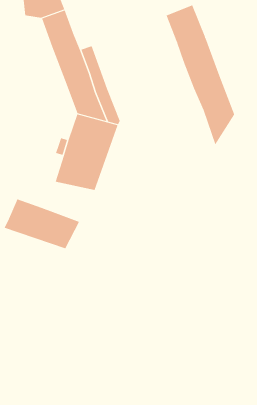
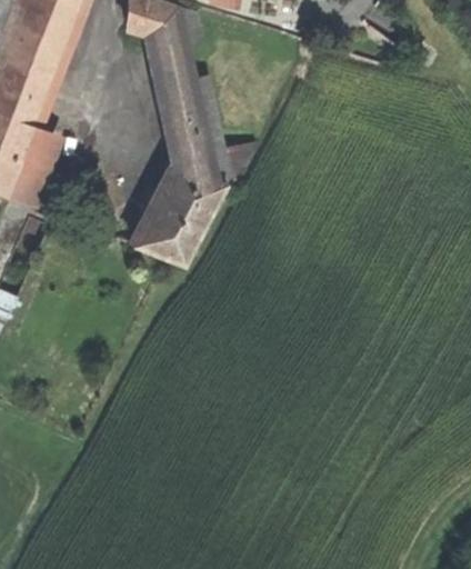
building: [166,5,235,145] -> none
building: [4,199,80,249] -> none

